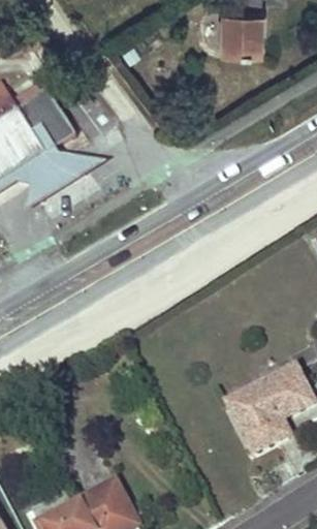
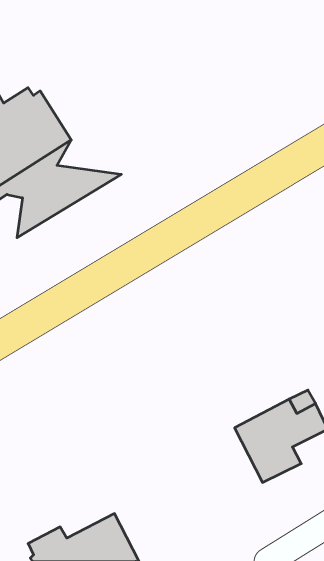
building: [219,8,259,51] -> none

